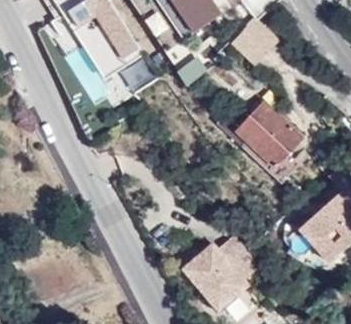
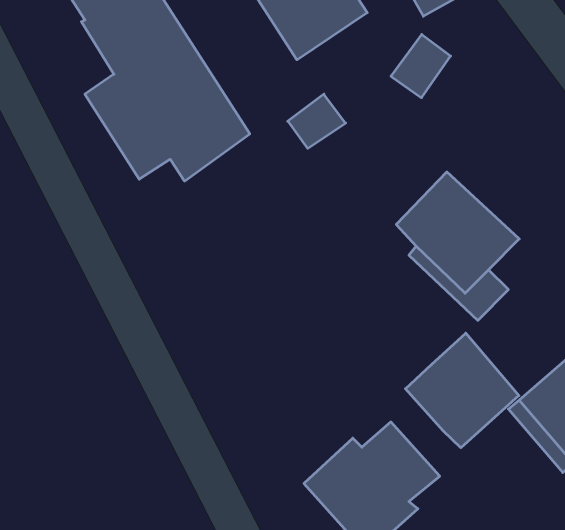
building: none -> [405,333,519,448]

